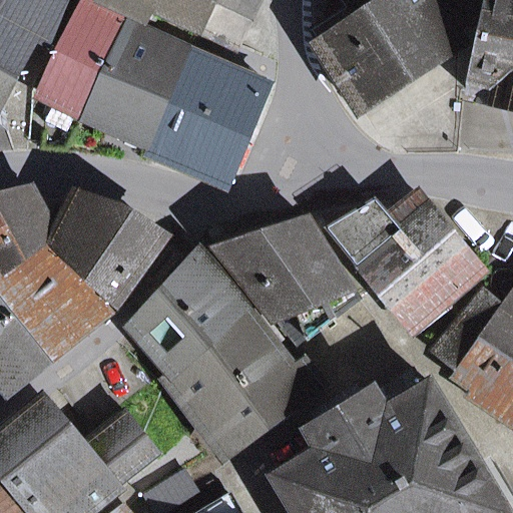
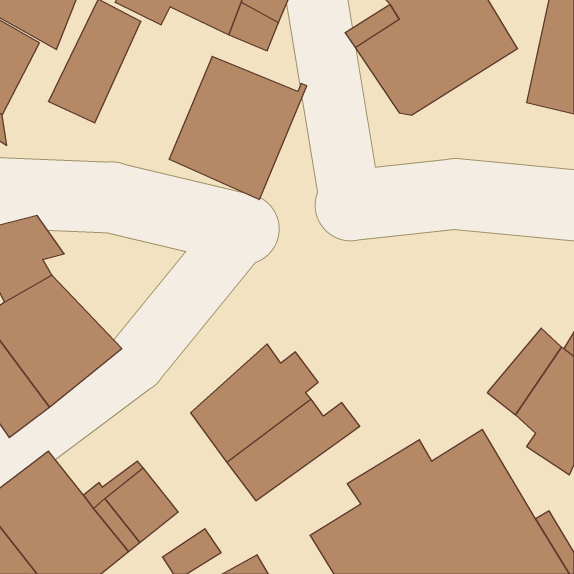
building: [84,19,188,141] -> none
building: [52,199,163,305] -> none
building: [328,200,478,333] -> none
building: [222,225,357,344] -> none
building: [132,250,239,367] -> none

